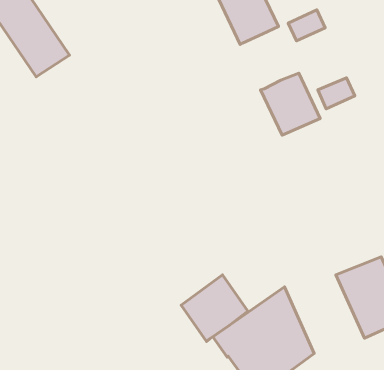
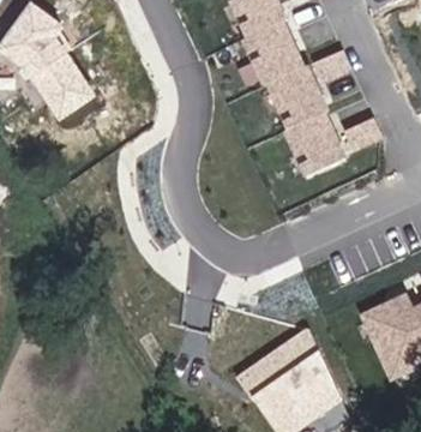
building: none -> [266,62,326,126]
building: [181,275,248,341] -> none

